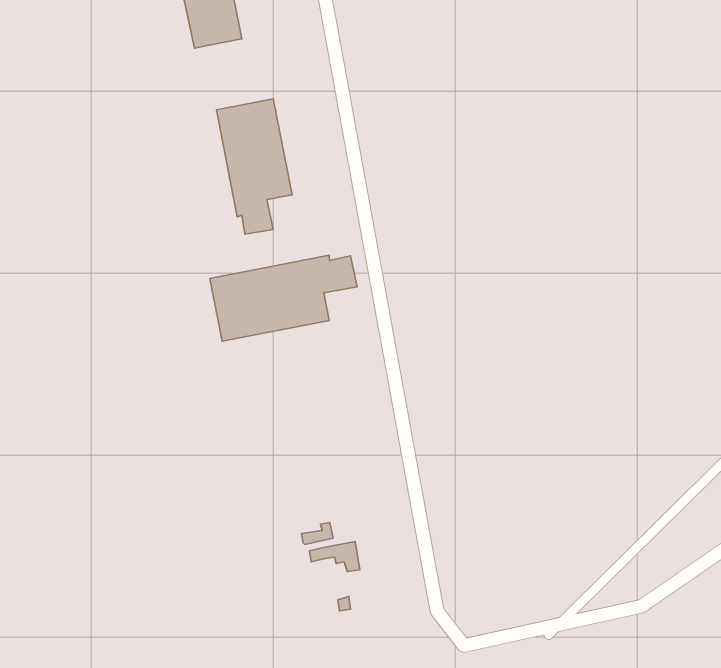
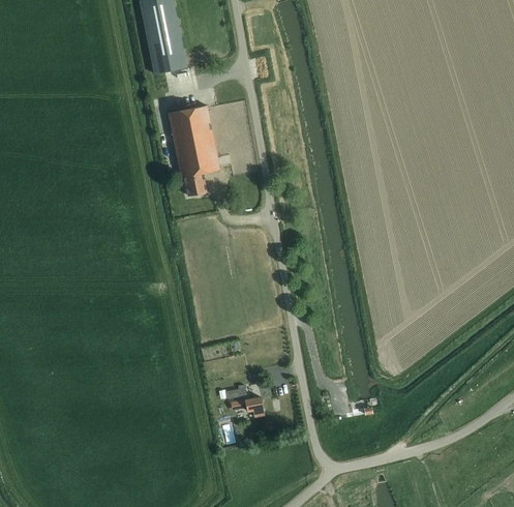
building: [210,255,357,341] -> none

